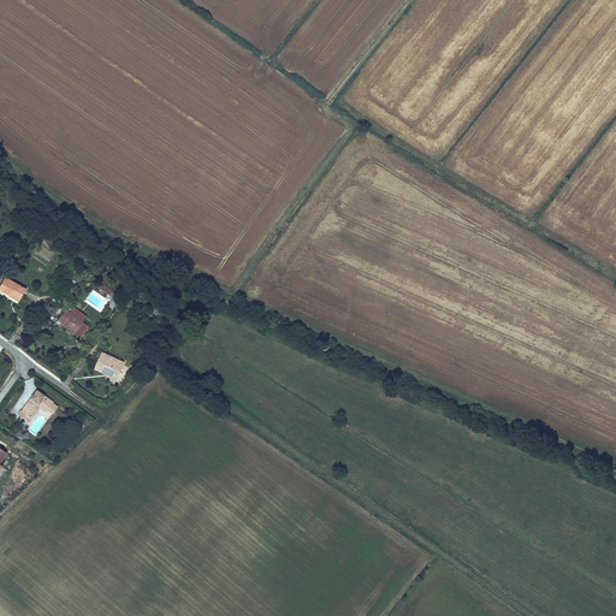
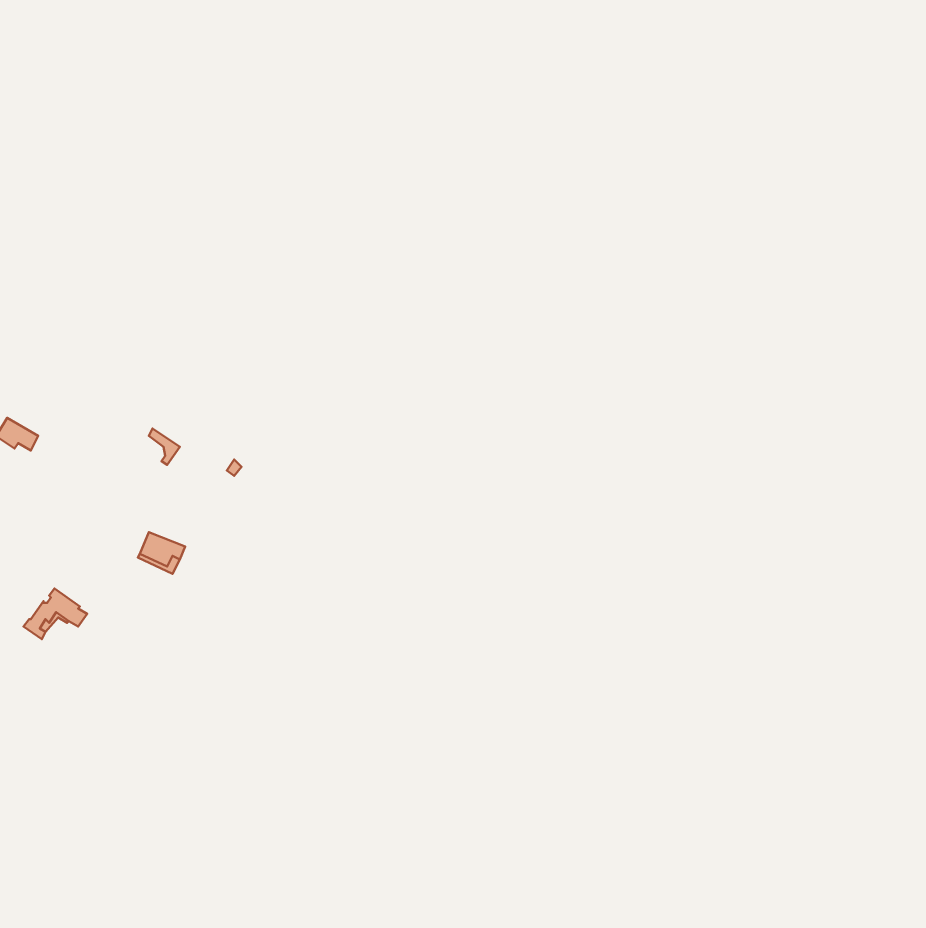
building: [57,307,89,340] -> none

